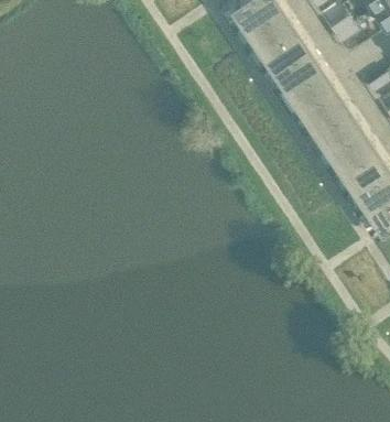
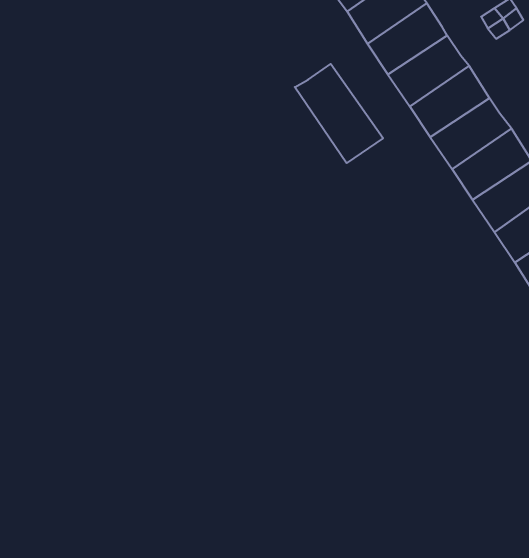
building: none -> [295,64,383,163]

